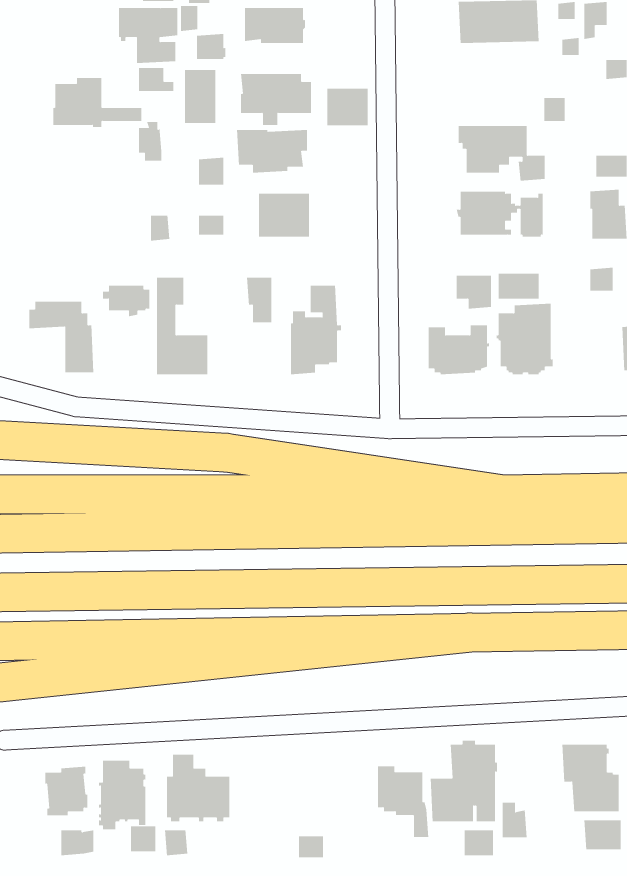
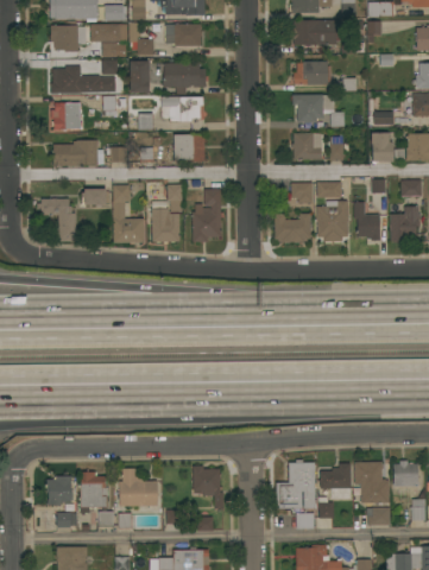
building: none -> [49,25,86,51]
building: none -> [294,61,334,84]
building: [327,88,368,126] -> none
building: none -> [51,102,81,129]
building: none -> [53,140,103,167]
building: none -> [354,202,378,240]
building: none -> [151,208,179,243]
building: none -> [318,463,351,499]
building: [377,766,429,838] -> [193,466,223,508]

